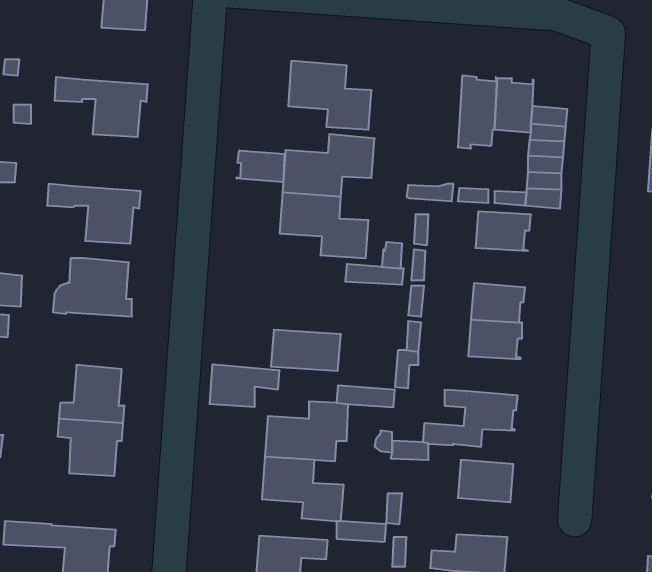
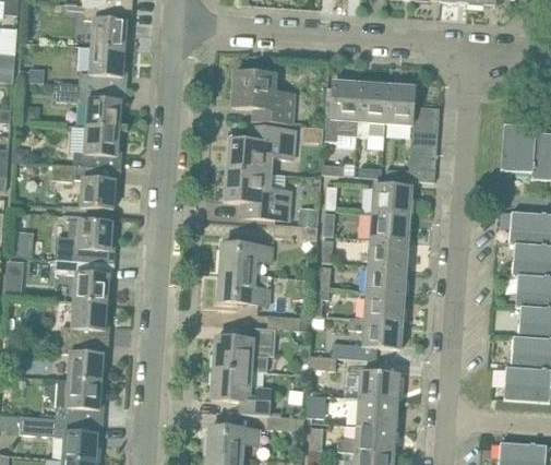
building: none -> [79,47,128,90]
building: none -> [324,81,361,148]
building: none -> [73,127,121,169]
building: [237,150,285,182] -> none
building: none -> [370,212,410,241]
building: none -> [65,260,115,302]
building: none -> [364,293,405,322]
building: [209,364,280,407] -> [220,243,273,275]
building: none -> [55,379,104,422]
building: none -> [357,398,397,428]

